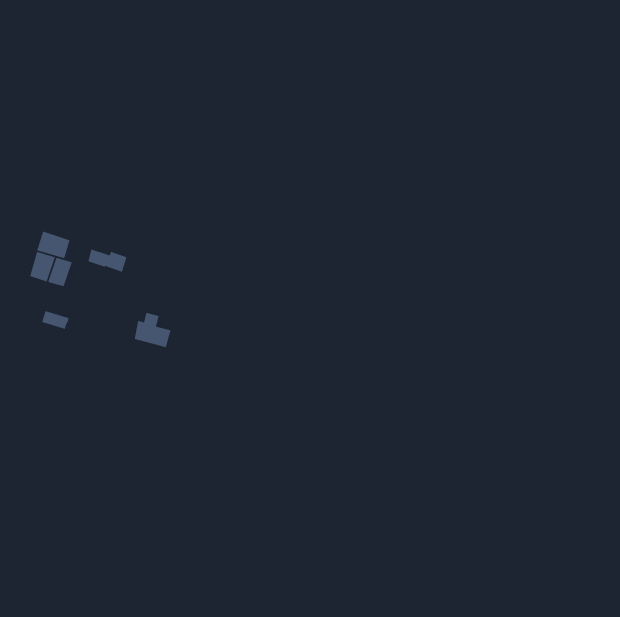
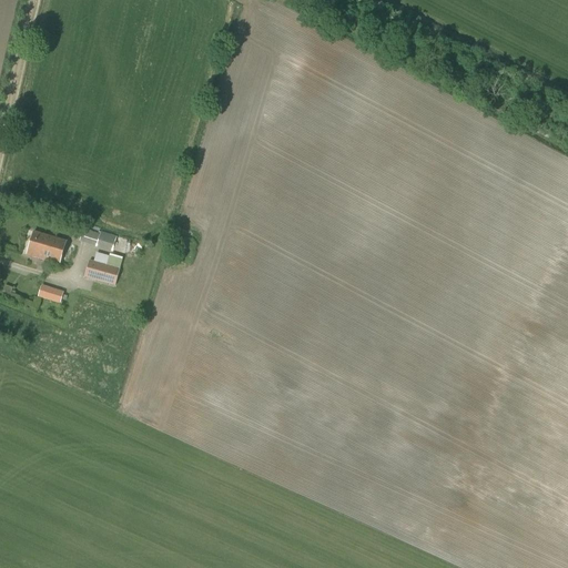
building: [36,230,70,259] -> none
building: [134,312,171,348] -> [85,251,120,284]

